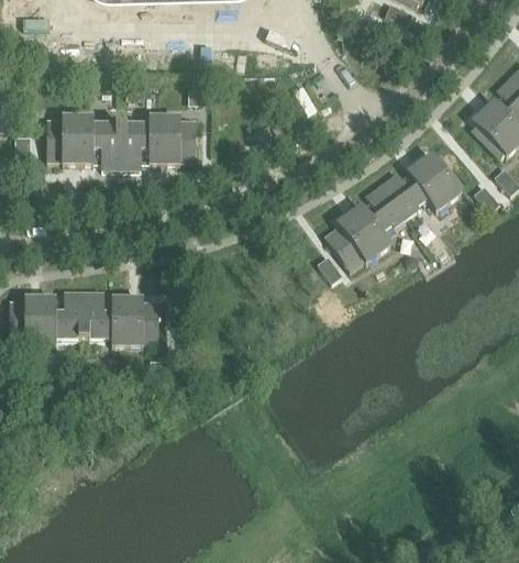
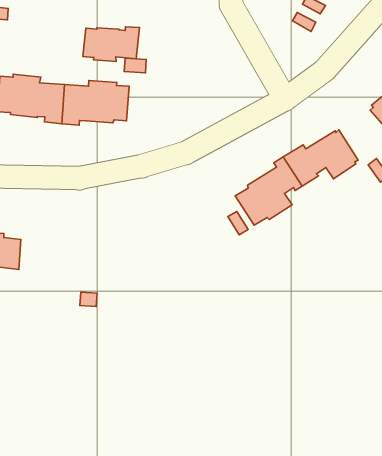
building: none -> [83,27,140,61]
building: [85,297,159,343] -> none

